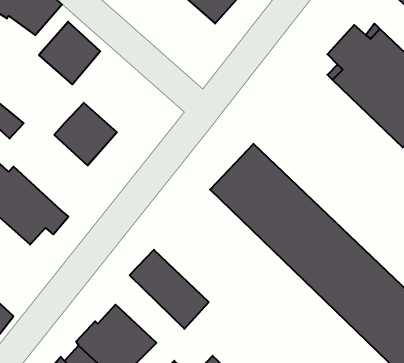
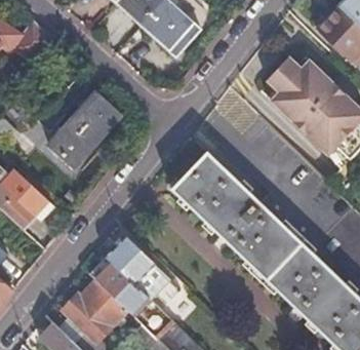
building: [39,22,100,84] -> [70,91,119,142]
building: none -> [89,257,151,316]

